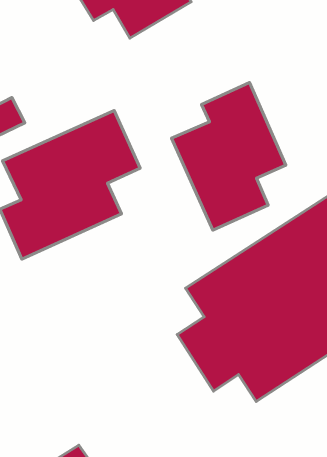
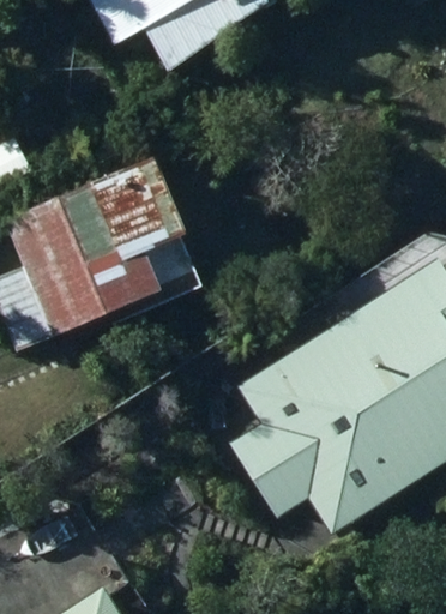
building: [171,83,286,230] -> none

